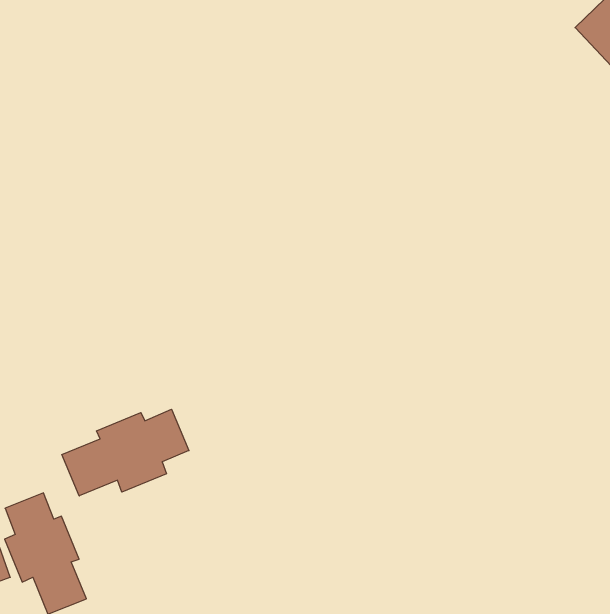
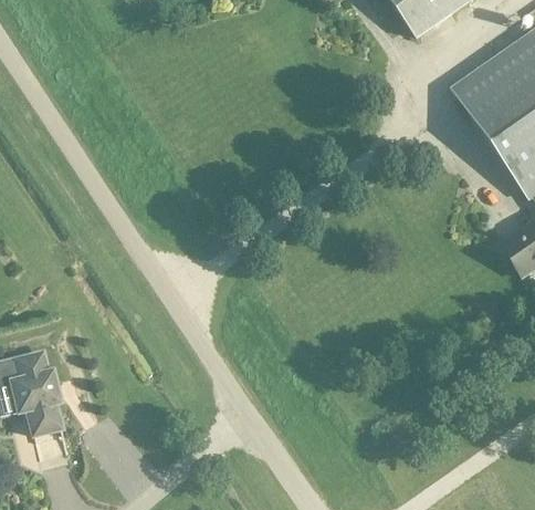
building: [62,409,189,496] -> none

